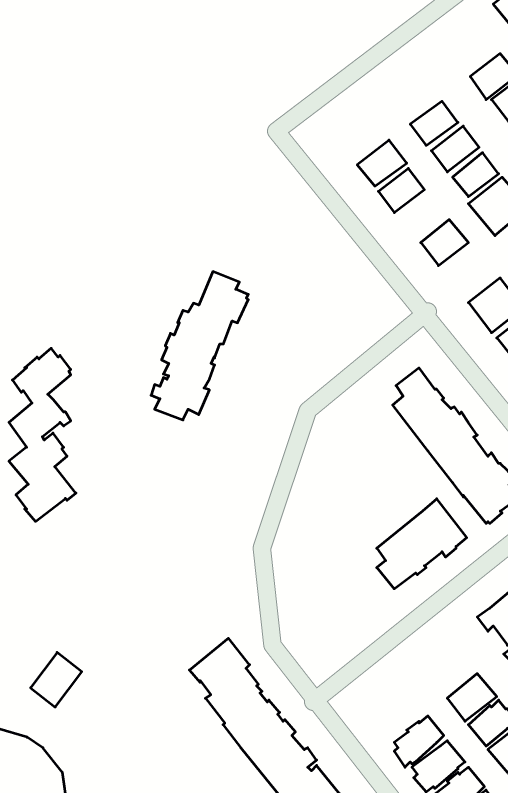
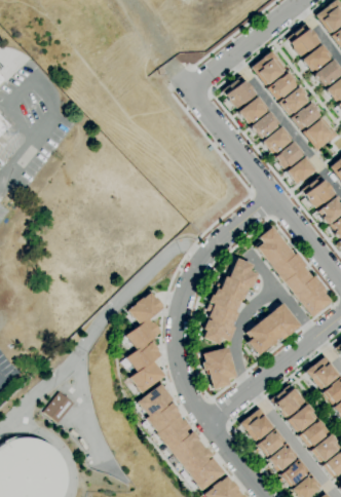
building: none -> [287,23,318,54]
building: none -> [252,50,285,83]
building: none -> [223,74,254,105]
building: none -> [261,125,289,152]
building: none -> [285,155,313,182]
building: [151,272,248,420] -> [201,259,258,345]
building: [9,348,76,521] -> [127,293,166,393]
building: none -> [202,348,236,390]
building: none -> [274,389,304,417]
building: none -> [240,409,273,442]

